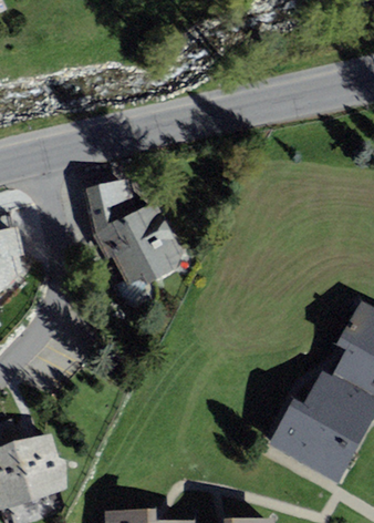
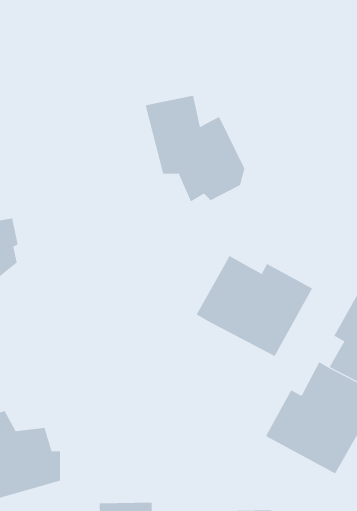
building: [81,180,180,286] -> [145,95,245,202]
building: none -> [196,255,313,357]

